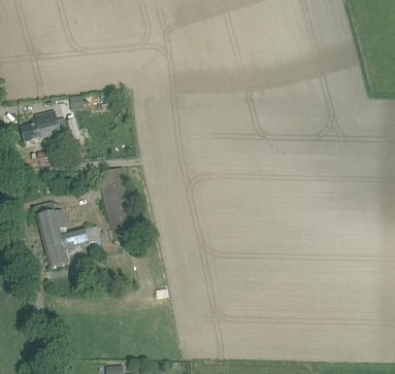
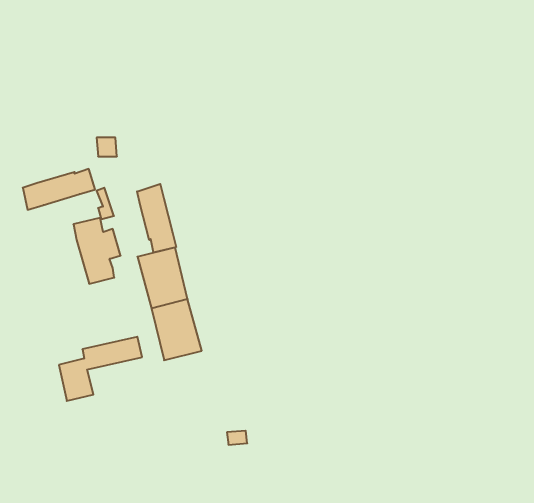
building: none -> [137,184,176,253]
building: [34,202,65,245] -> [73,218,121,284]

